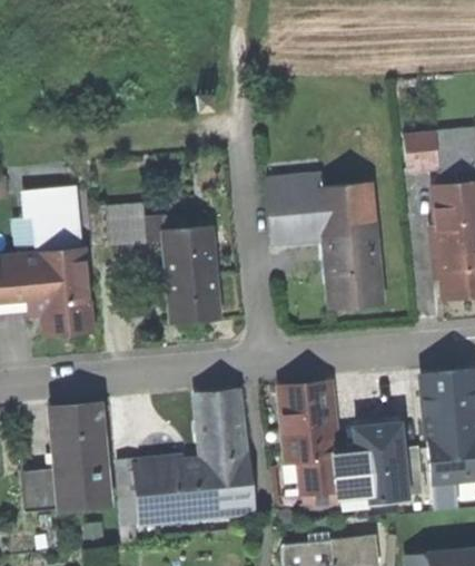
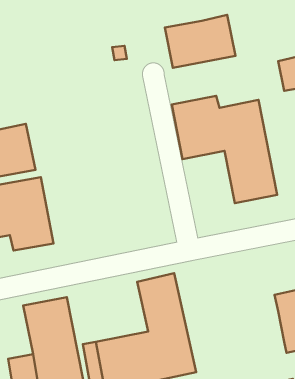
building: none -> [165,15,235,68]
building: [106,205,147,246] -> none
building: [161,227,221,324] -> none
building: [279,382,370,515] -> none

